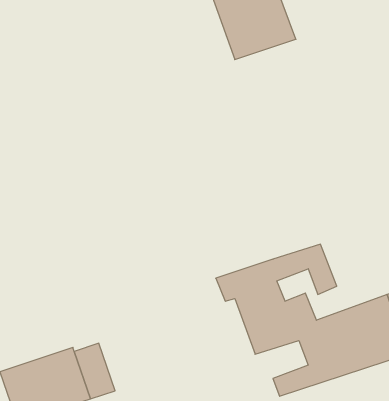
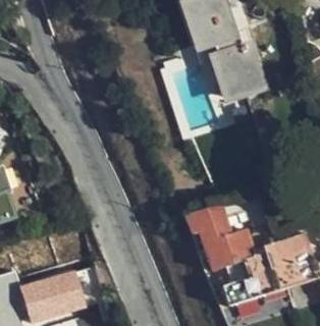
building: none -> [206,40,267,104]

